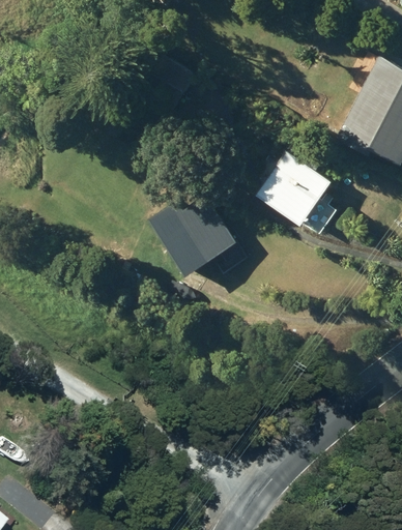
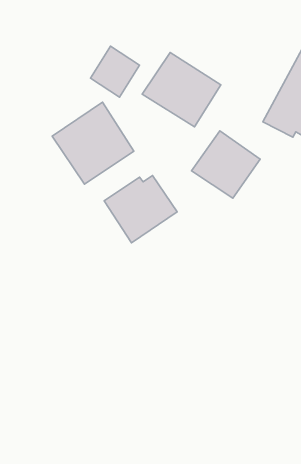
building: none -> [142,53,221,127]
building: none -> [52,102,134,184]

